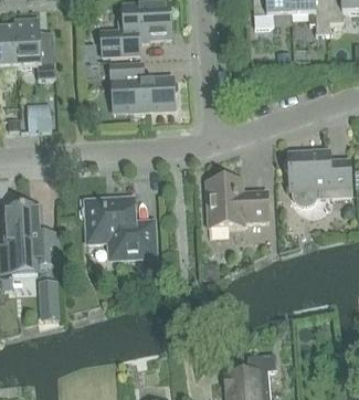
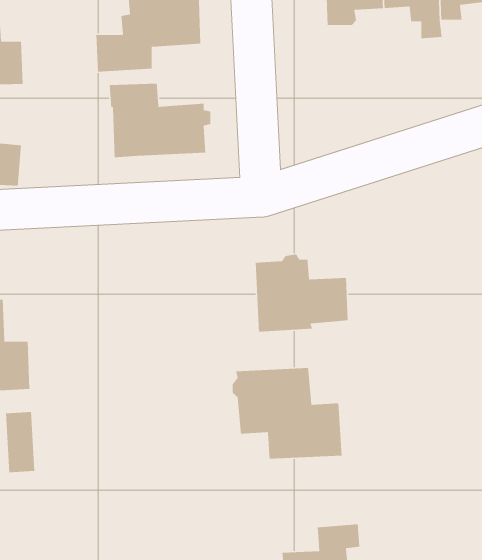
building: [283,151,350,206] -> none
building: [82,197,155,257] -> [232,367,342,460]

